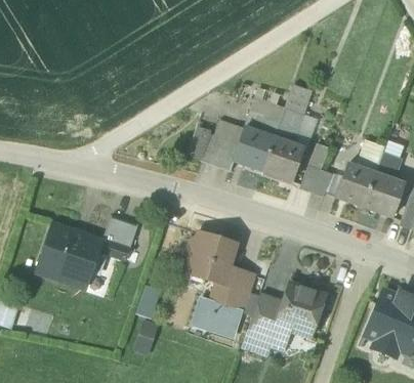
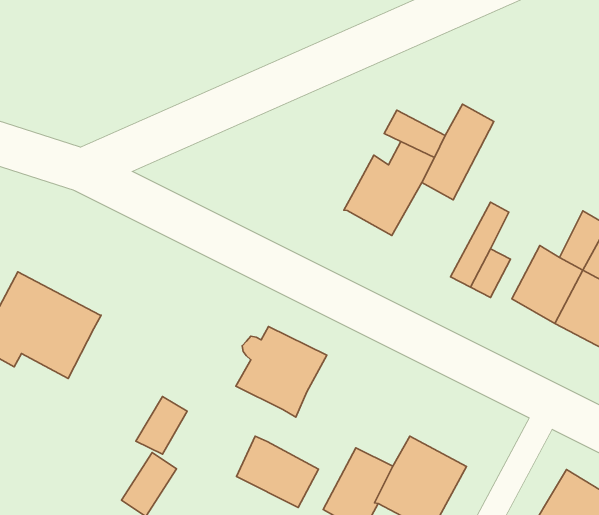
building: [201,133,240,171] -> none
building: [263,138,305,181] -> none
building: [101,217,138,259] -> none
building: [210,267,253,310] -> none

